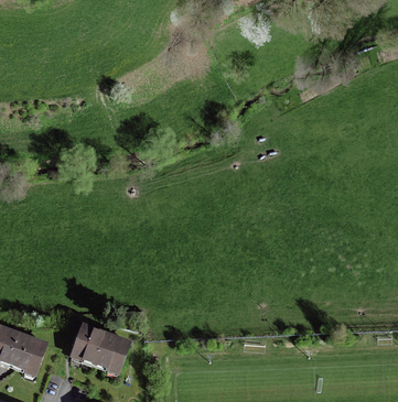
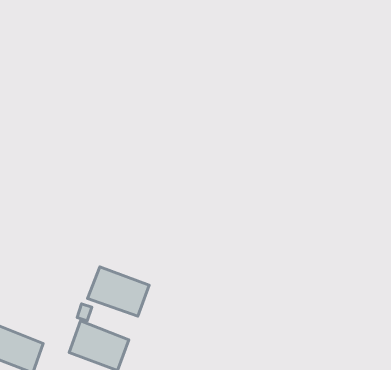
building: none -> [88,267,149,316]

